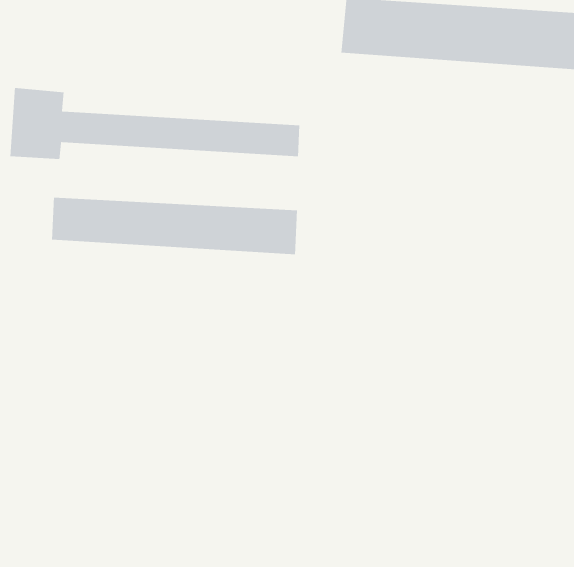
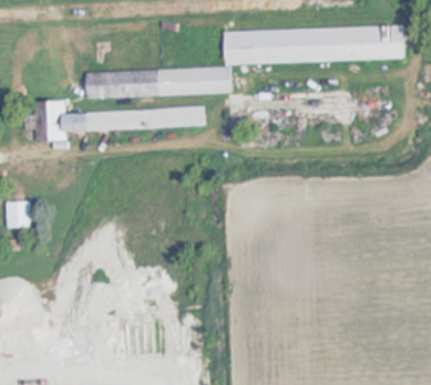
building: [51,197,298,255] -> [86,66,232,97]

